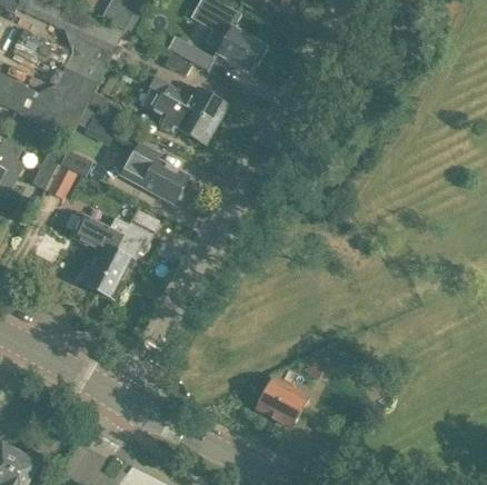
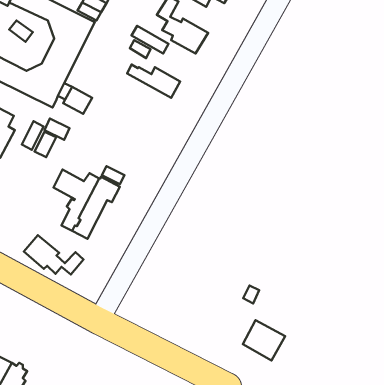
building: [139,87,216,145] -> none
building: [120,141,187,202] -> none
building: none -> [24,235,84,274]
building: [255,377,307,427] -> [243,320,285,361]

